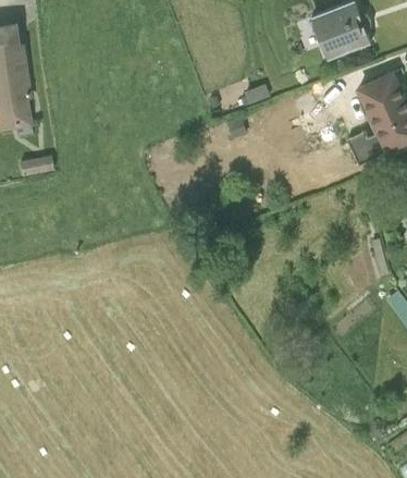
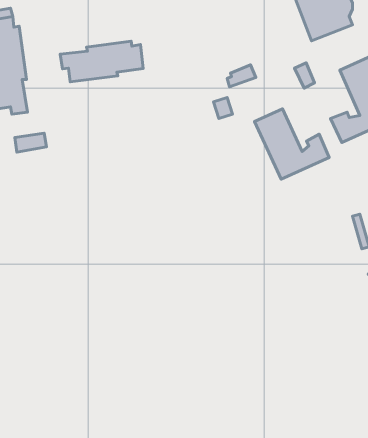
building: none -> [60,41,143,82]
building: none -> [254,109,329,179]

